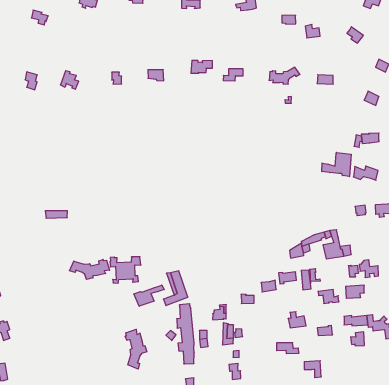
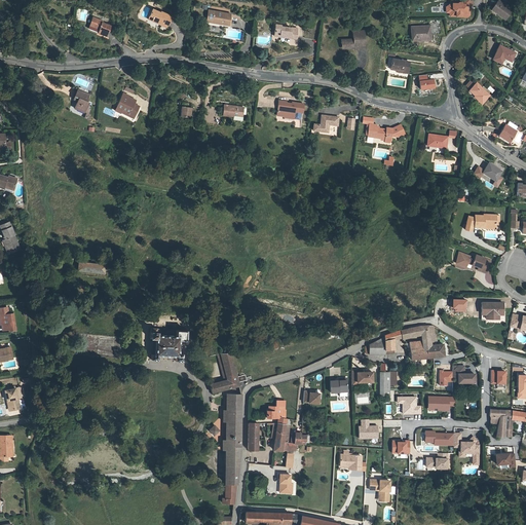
building: [322,152,351,177] -> none
building: [69,259,110,279] -> none
building: [134,285,164,306] -> none
building: [125,329,147,369] -> none

